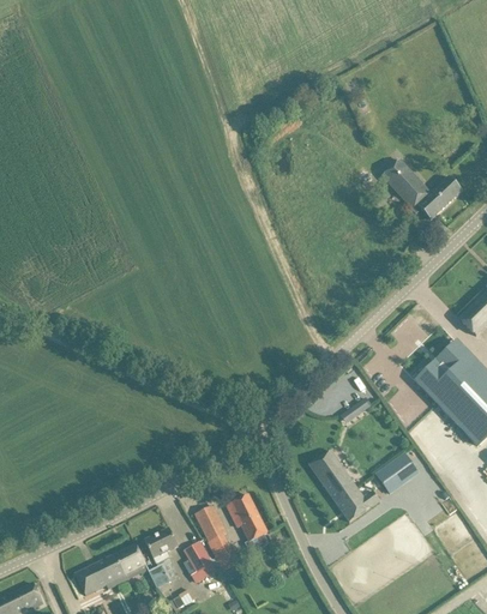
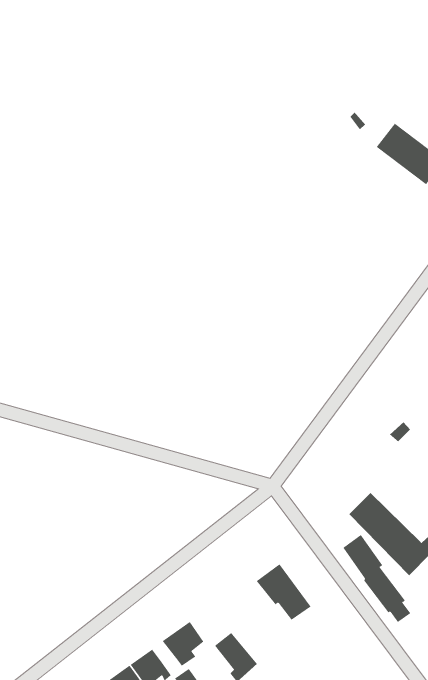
building: [196,505,241,580] -> [342,534,411,623]

